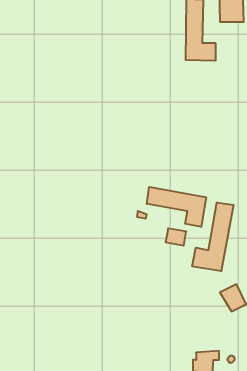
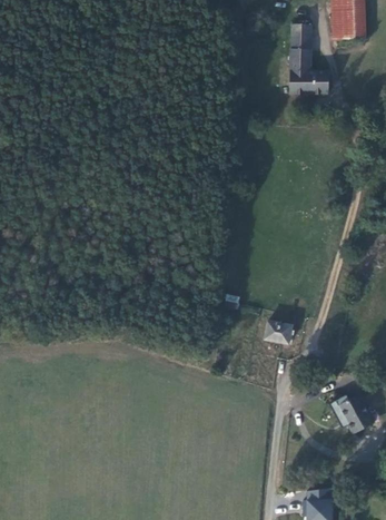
building: [147,187,206,227] -> none
building: [192,202,233,271] -> none

